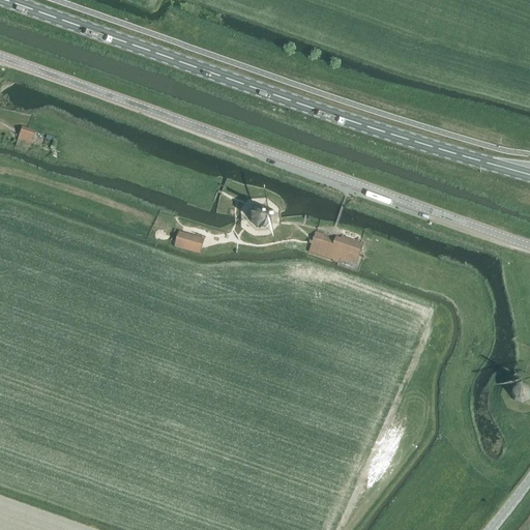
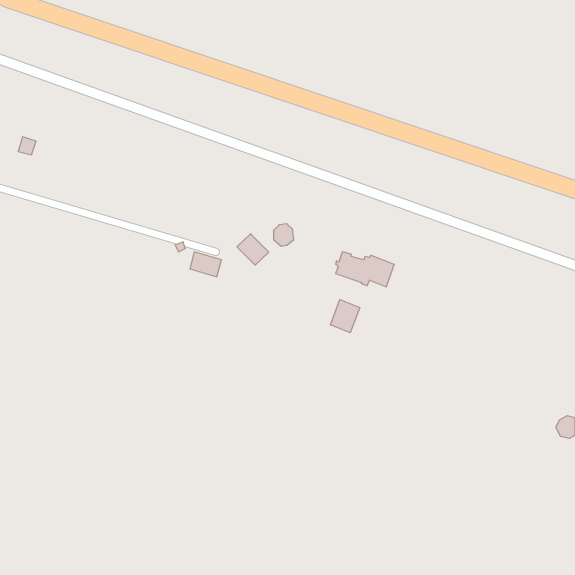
building: none -> [237,234,269,265]
building: none -> [330,300,360,333]

